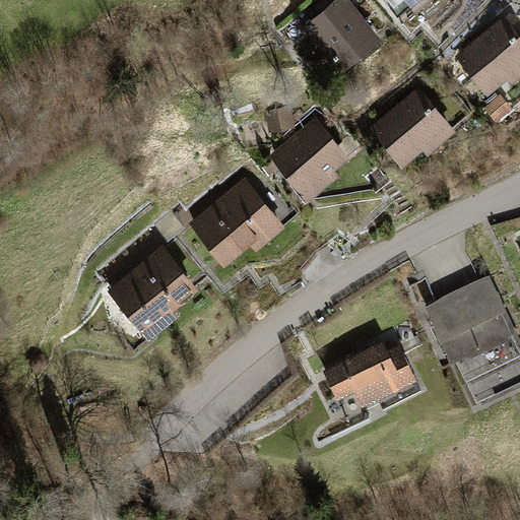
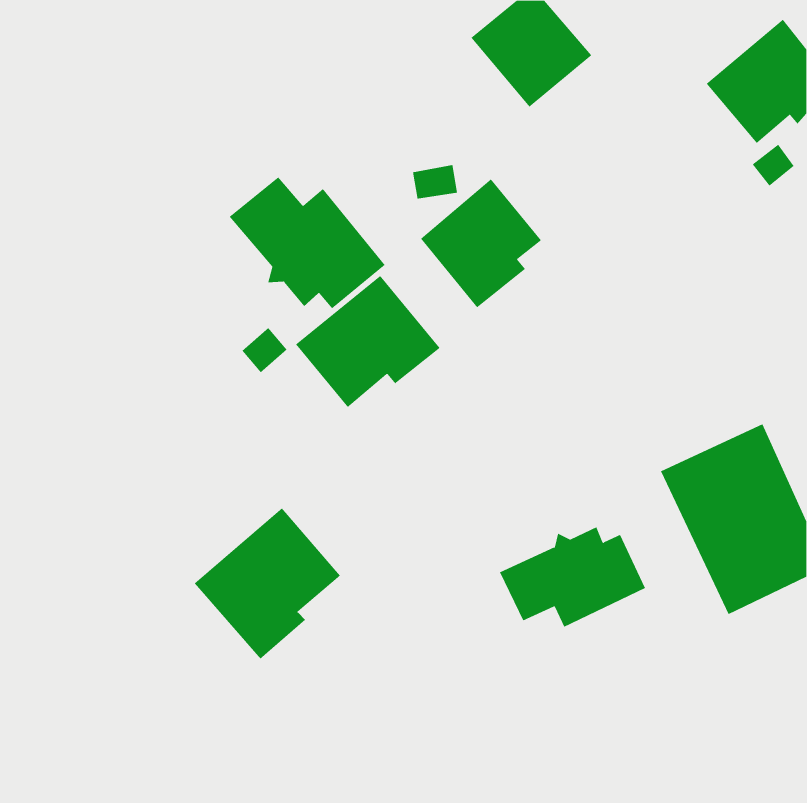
building: [371,87,454,165] -> none
building: none -> [229,177,386,309]
building: [107,244,201,341] -> [194,508,341,659]

